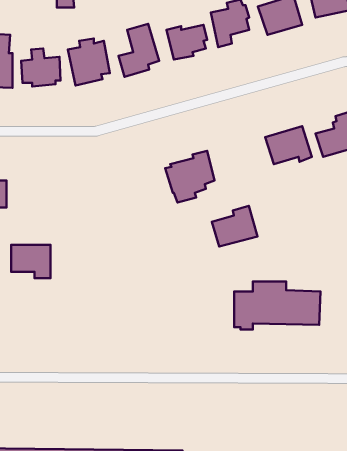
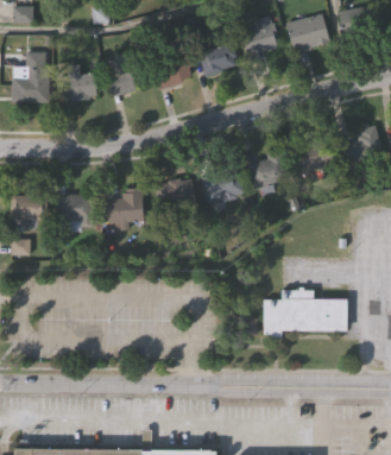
building: none -> [156,177,198,211]
building: none -> [109,188,145,228]
building: [212,206,257,246] -> [246,148,290,188]
building: [11,245,51,278] -> [55,194,93,226]

